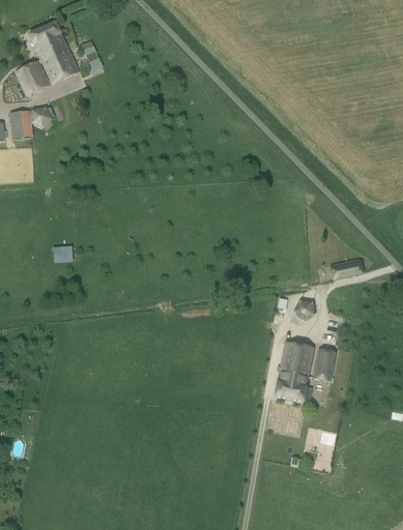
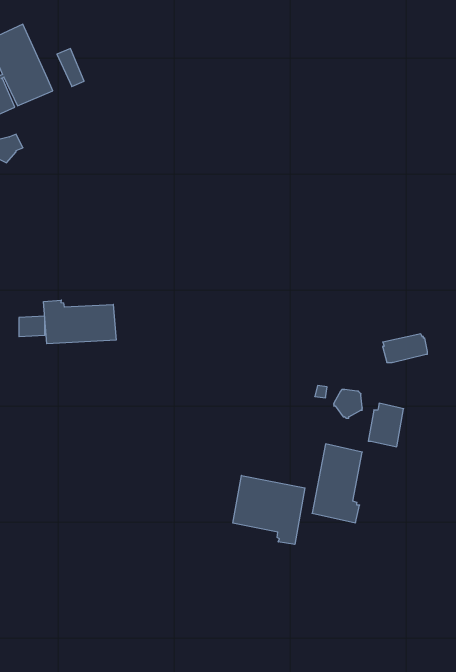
building: none -> [44,300,116,344]
building: [309,347,336,380] -> [368,403,404,447]
building: none -> [233,475,305,544]

